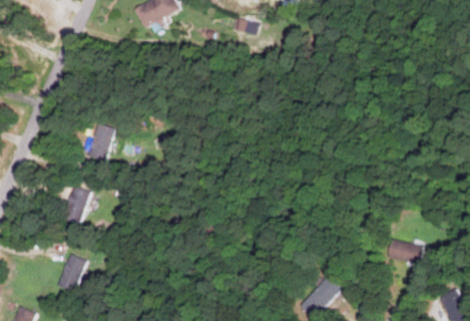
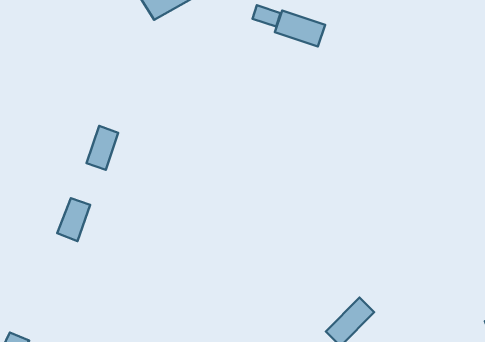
building: none -> [275,10,325,47]
building: [386,239,422,264] -> none
building: [56,254,85,292] -> none

